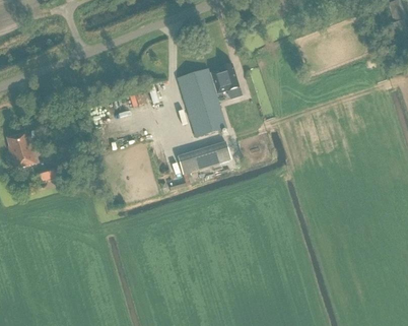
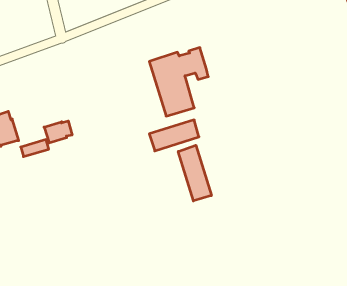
building: none -> [44,121,72,143]
building: none -> [178,145,211,201]

